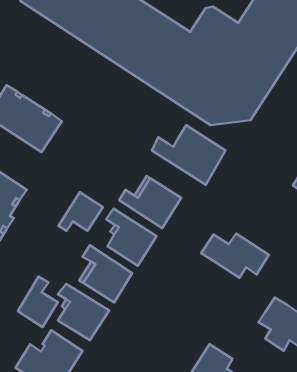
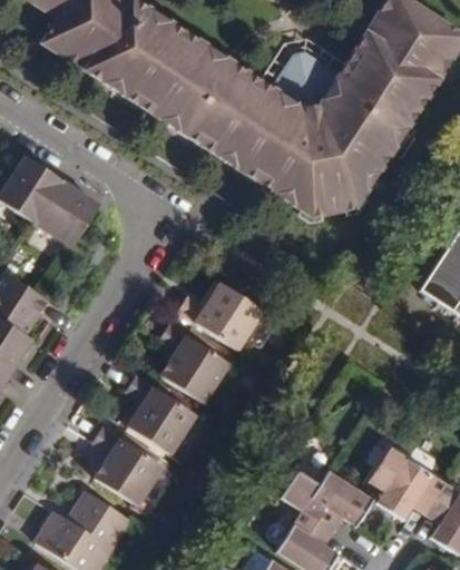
building: [152,125,226,185] -> none
building: [59,192,103,231] -> none
building: [201,234,269,278] -> [282,471,374,531]
building: [18,276,58,327] -> none

